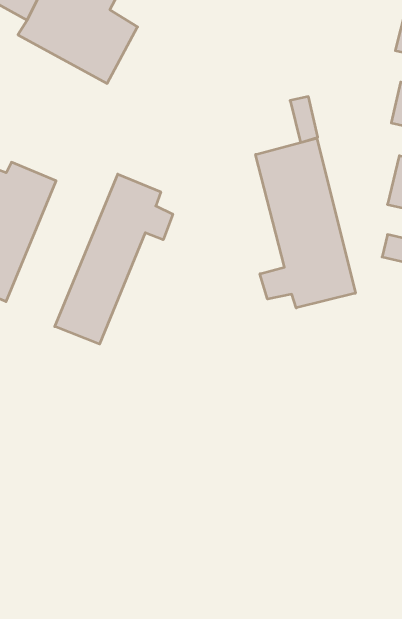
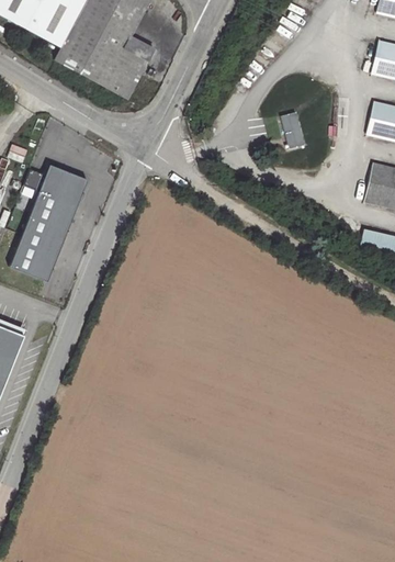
building: [256,138,355,308] -> none
building: [55,174,173,344] -> none

